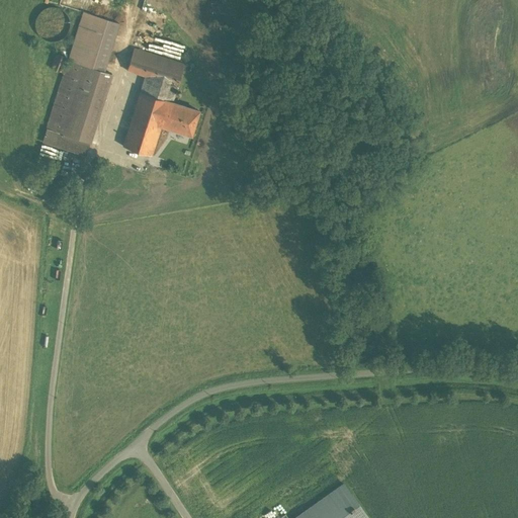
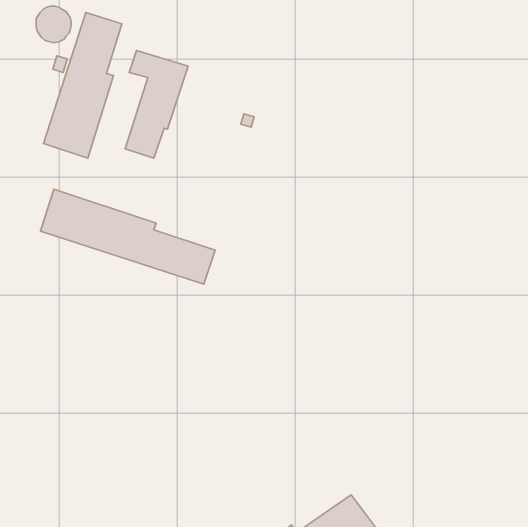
building: [164,103,198,136] -> none
building: none -> [40,189,215,284]

